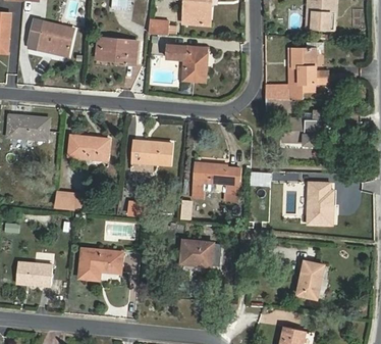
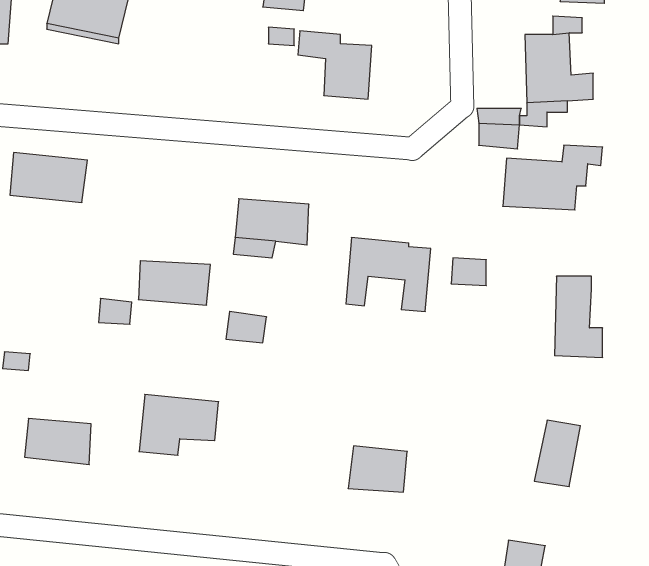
building: [96,37,139,66] -> none
building: [68,135,108,159] -> [138,261,210,305]
building: [181,239,214,264] -> [348,446,407,492]

